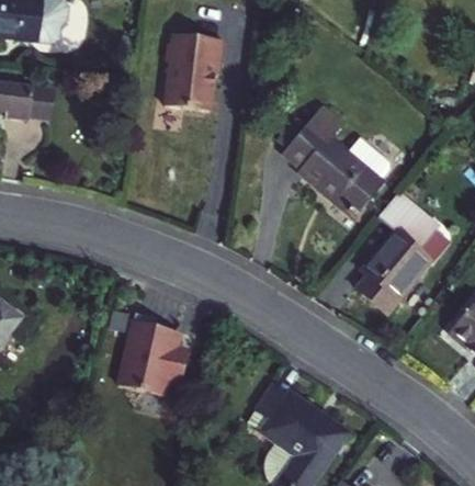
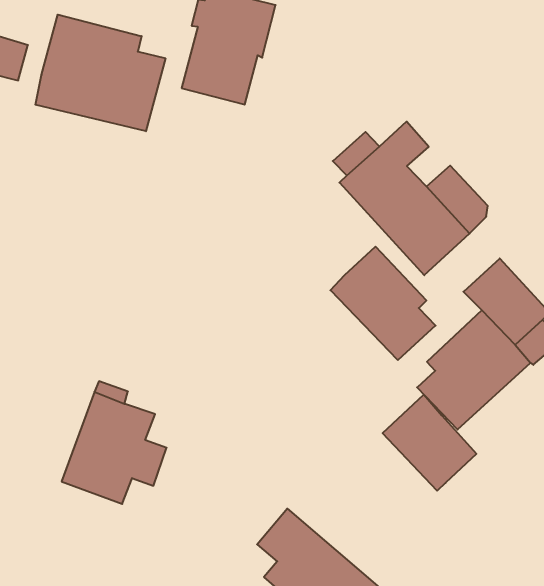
building: none -> [35,15,165,131]
building: none -> [330,247,436,360]
building: none -> [383,394,476,491]

